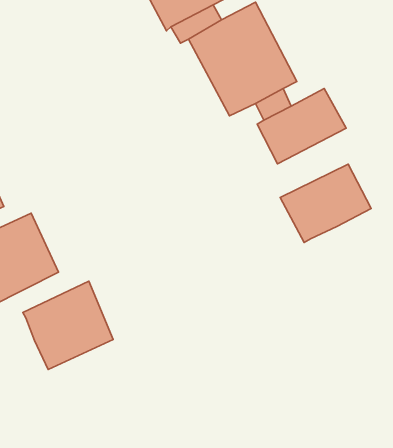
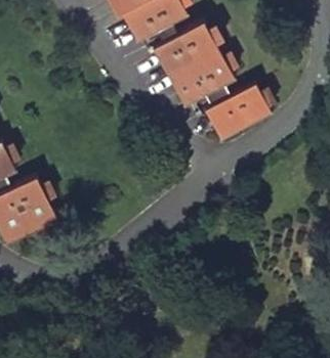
building: [280,164,371,242] -> none
building: [23,281,113,370] -> none

